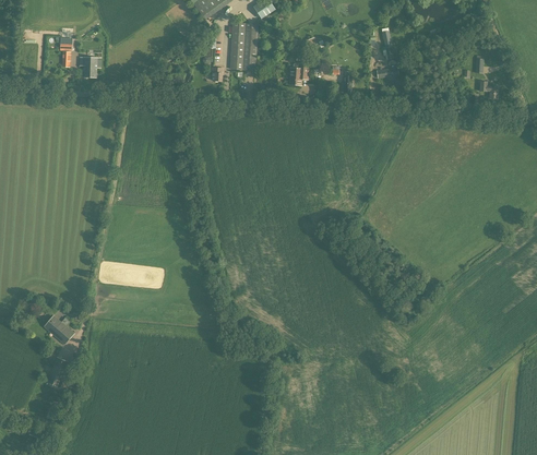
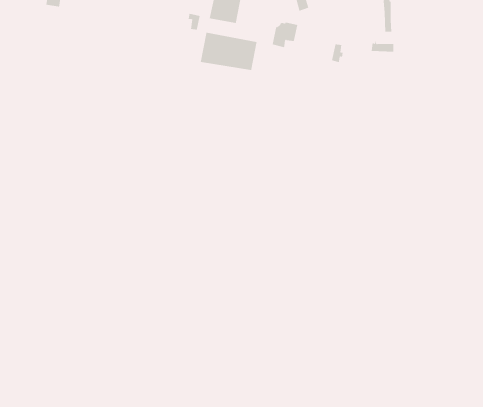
building: none -> [200,32,257,71]

